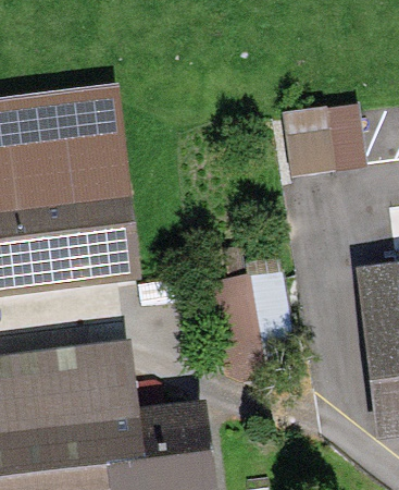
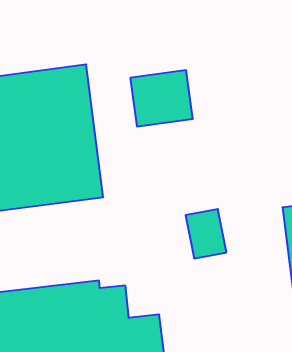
building: [284,99,364,171] -> [130,70,193,126]

